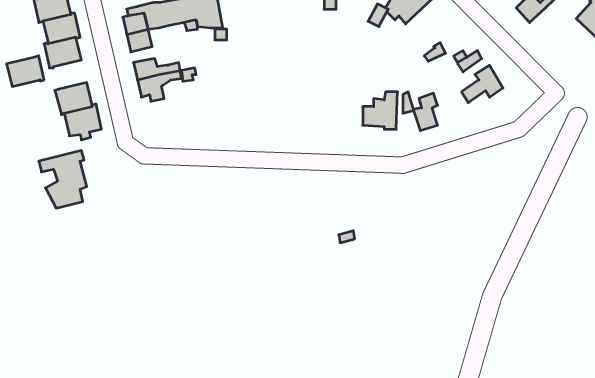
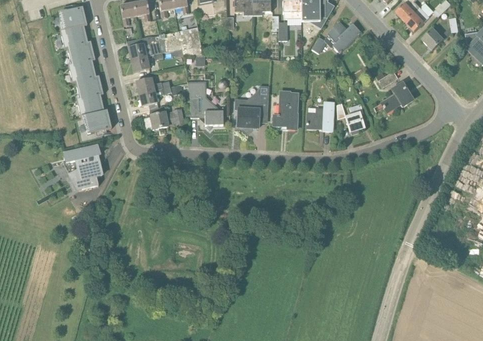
building: [7,56,44,86] -> [75,77,103,100]
building: none -> [187,82,223,125]
building: none -> [234,85,269,124]
building: none -> [273,92,297,129]
building: none -> [144,107,183,129]

